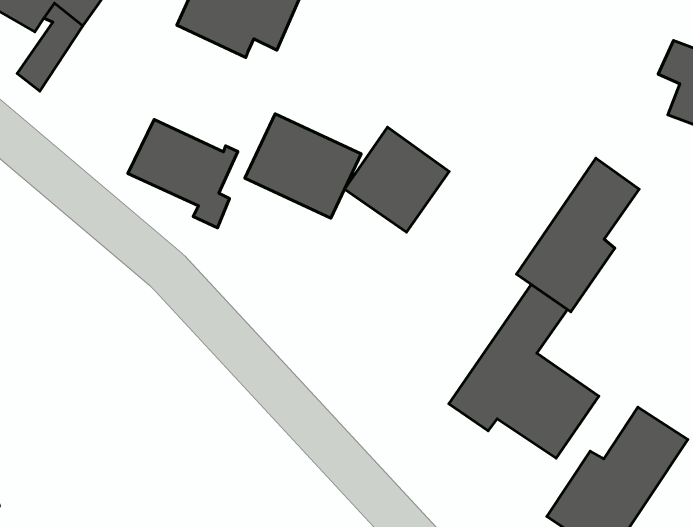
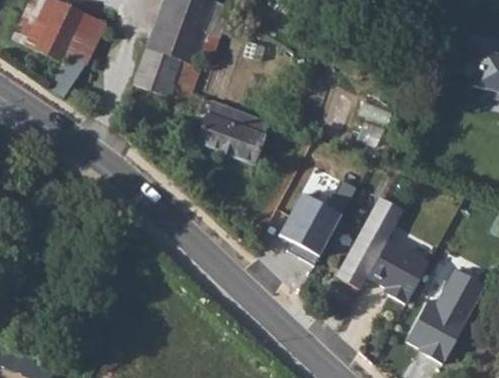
building: [128,120,238,228] -> [133,48,201,113]
building: [345,127,449,232] -> [280,188,345,254]
building: [516,158,639,312] -> none

